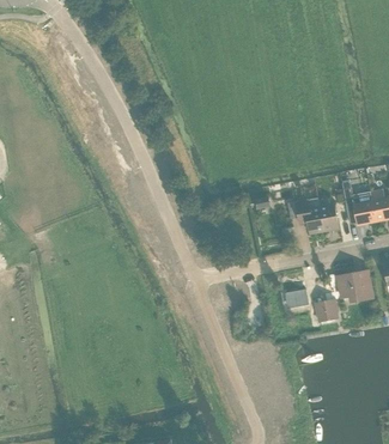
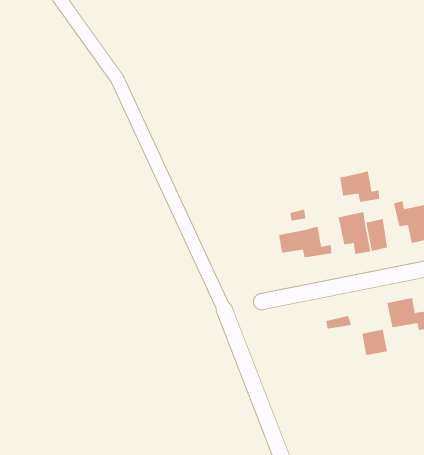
building: none -> [339,170,380,202]
building: none -> [278,226,332,258]

